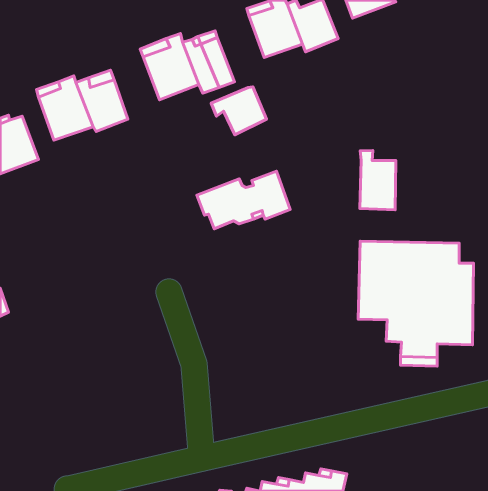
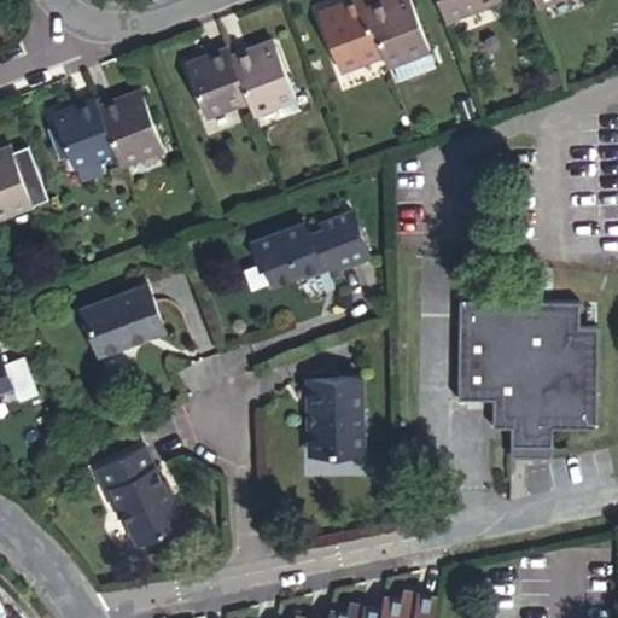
building: [211,87,266,135] -> none
building: [360,150,396,210] -> none
building: none -> [81,286,162,357]
building: none -> [301,380,354,451]
building: none -> [94,451,180,546]

